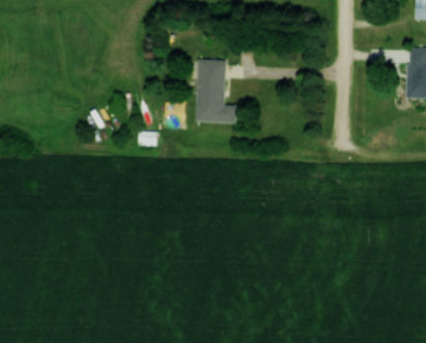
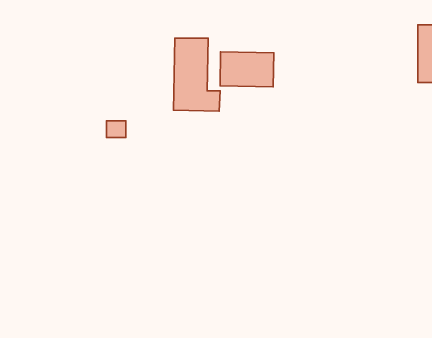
building: none -> [220,52,274,87]

